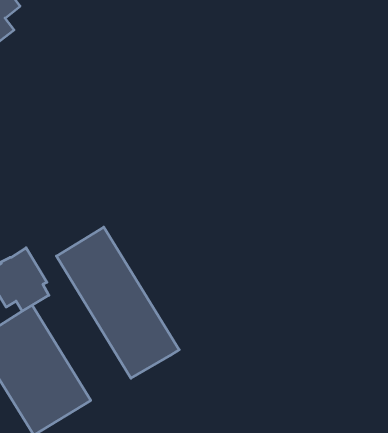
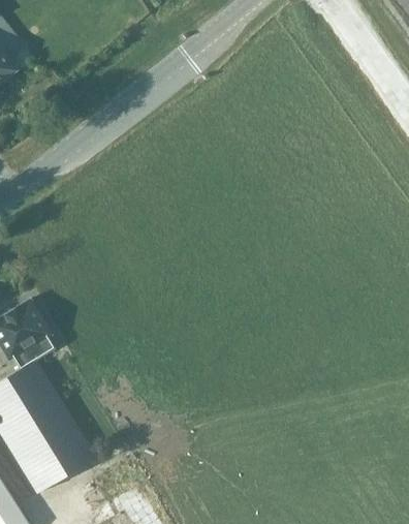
building: [56,227,179,378] -> none

